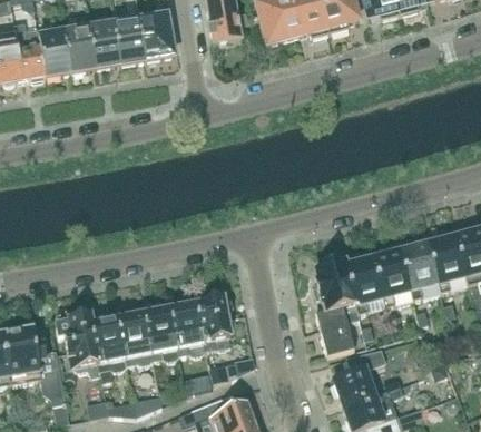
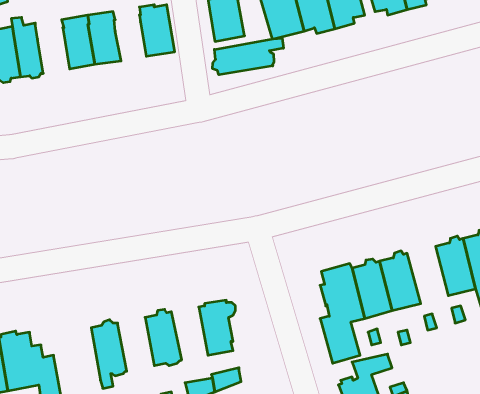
building: [114,11,146,63] -> none
building: [38,26,71,76] -> none
building: none -> [213,38,283,75]
building: [400,242,440,300] -> none
building: [170,301,206,354] -> none
building: [118,311,154,365] -> none
building: [56,313,101,376] -> none

